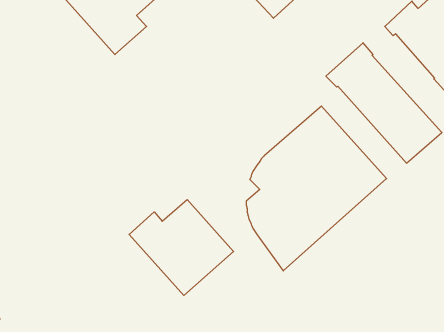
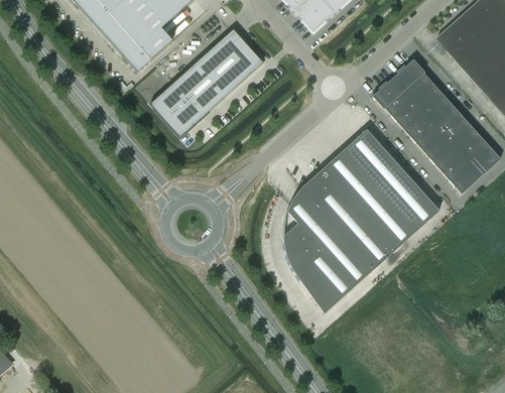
building: none -> [150,28,263,136]
building: [129,200,234,295] -> none

